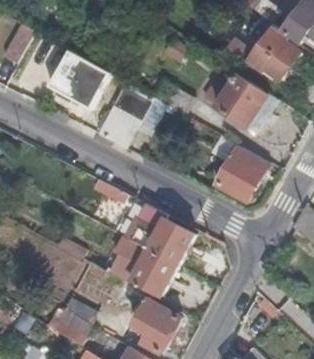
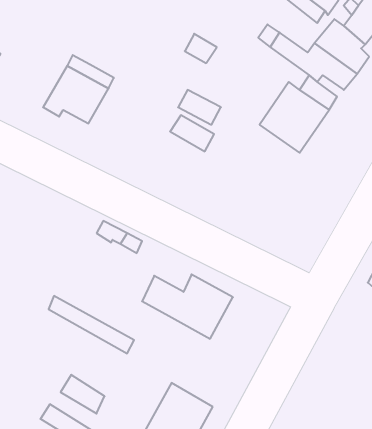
building: [93,83,151,149] -> none
building: [214,146,265,199] -> none
building: [130,250,176,297] -> none

